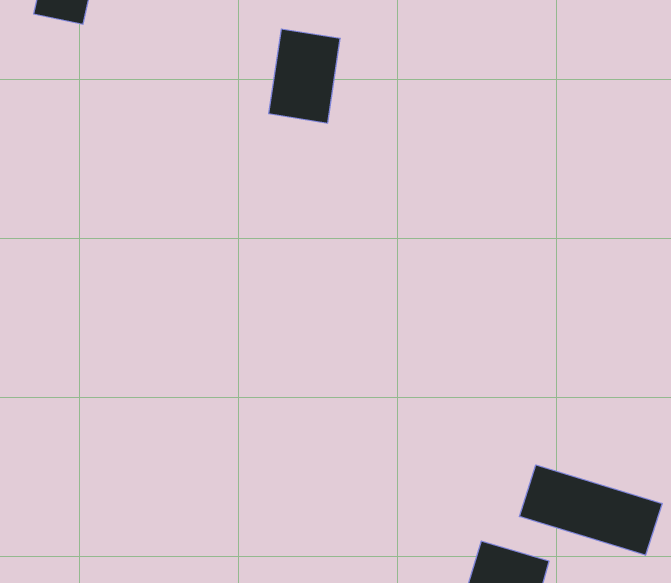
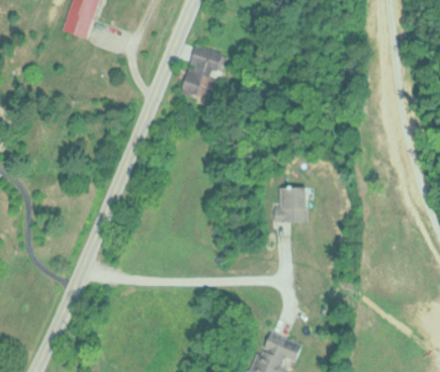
building: none -> [276,188,306,223]
building: [519,465,662,555] -> none

